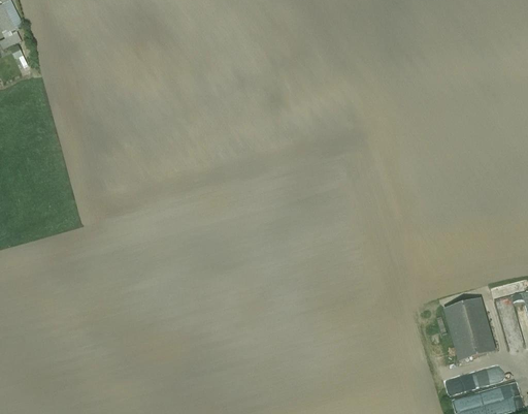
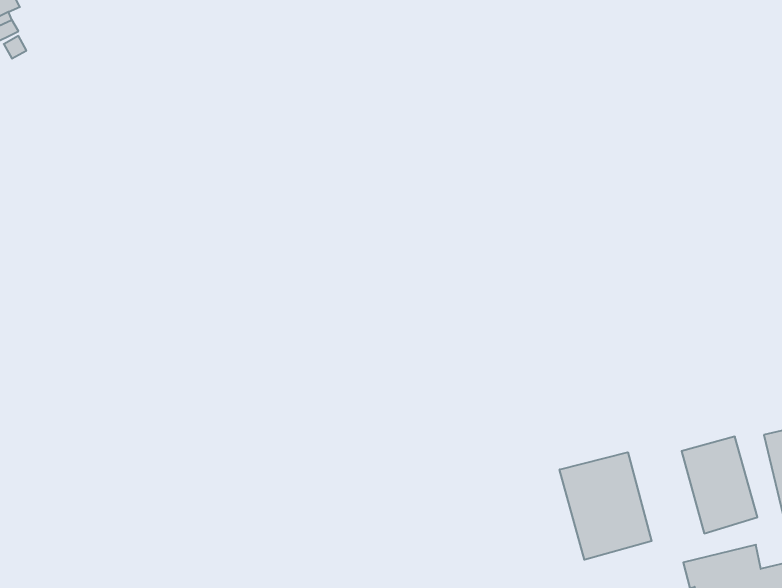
building: none -> [560,452,652,560]

